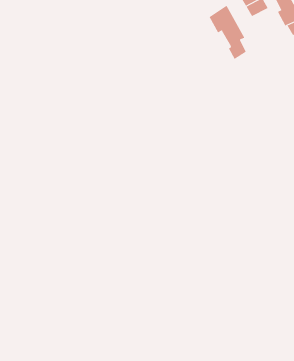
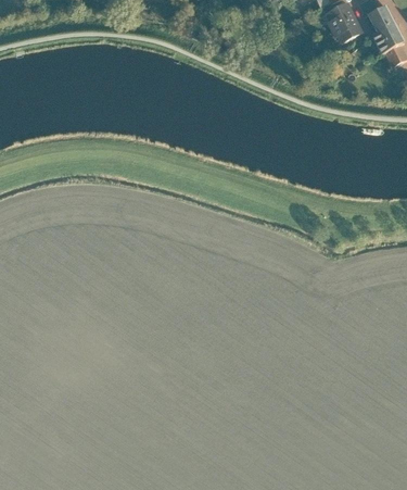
building: [209,5,247,60] -> none

